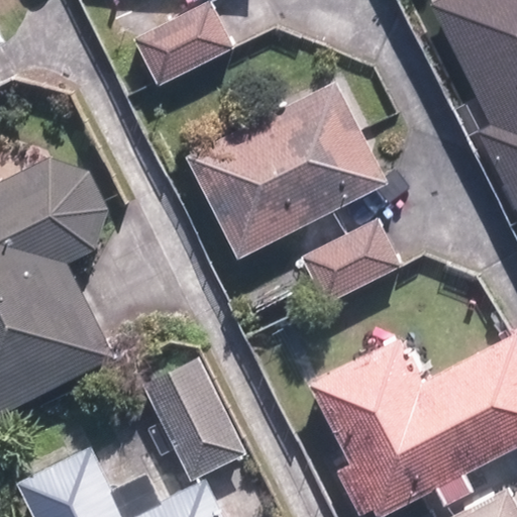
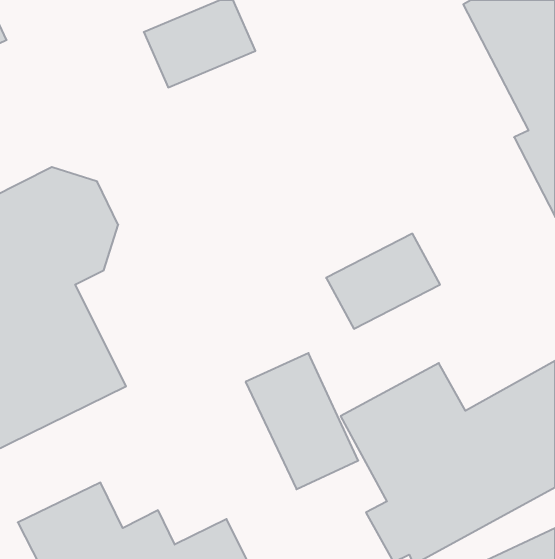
building: [186,80,390,258] -> none
building: [144,356,247,481] -> [246,353,358,489]

